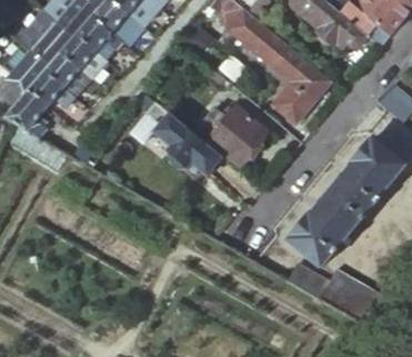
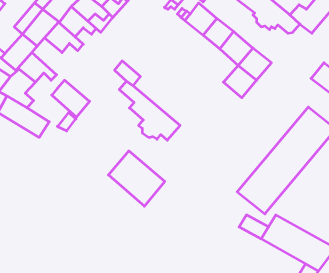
building: [42,51,88,96] -> [52,80,90,117]
building: [205,106,273,172] -> [108,151,165,206]

